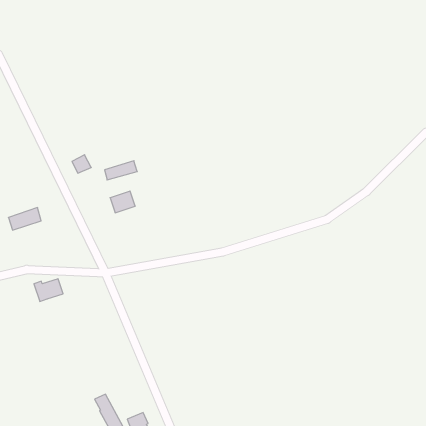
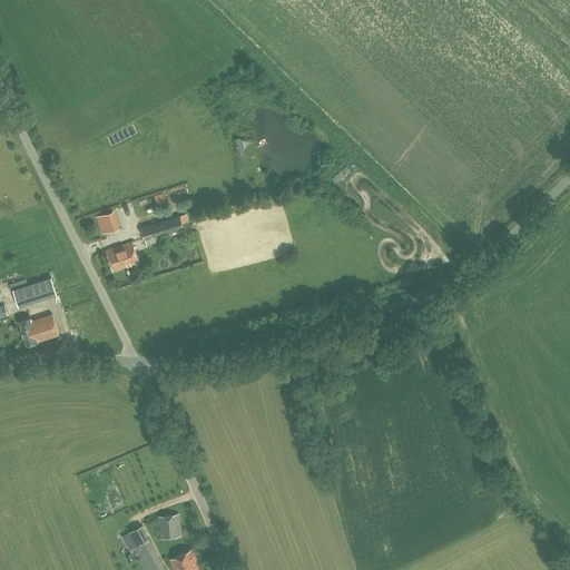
building: [110,191,135,213] -> [105,244,138,273]
building: [34,279,63,301] -> [18,316,57,346]
building: none -> [157,515,179,540]

